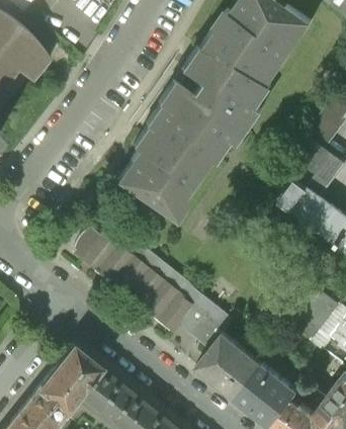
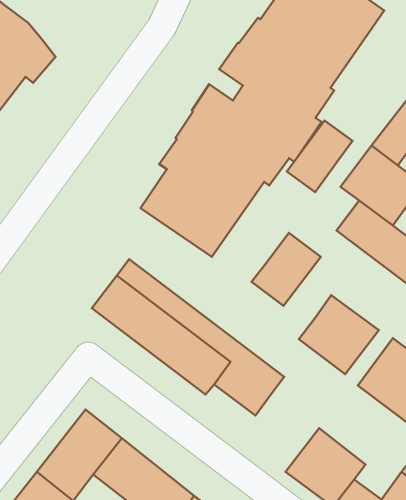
building: none -> [287,121,353,192]
building: none -> [251,233,321,306]
building: [197,331,262,395] -> [299,295,379,374]

